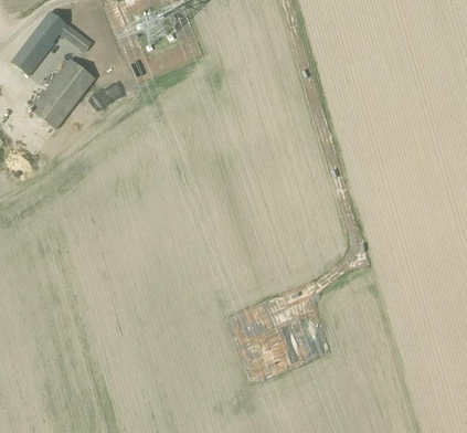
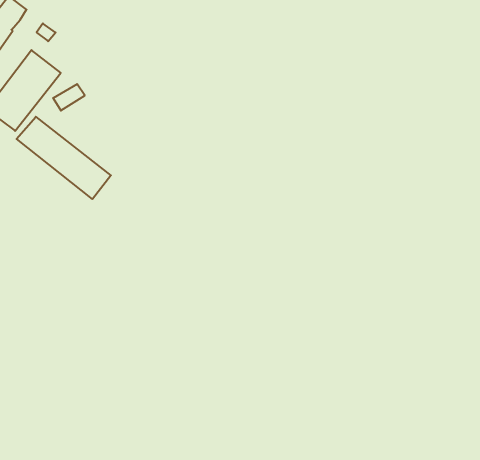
building: none -> [17,117,111,199]

